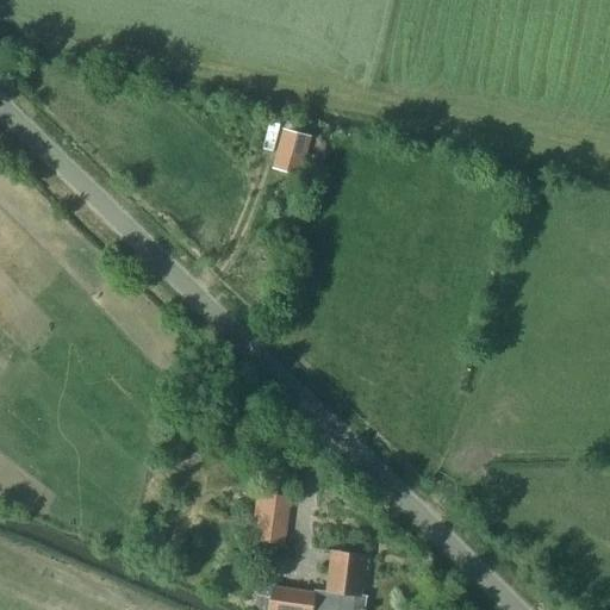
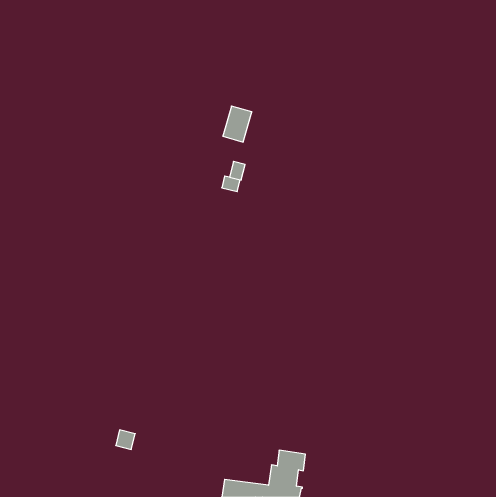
building: [254,493,285,543] -> none

